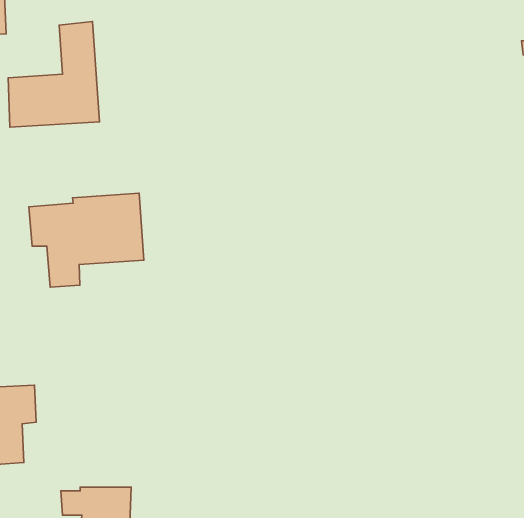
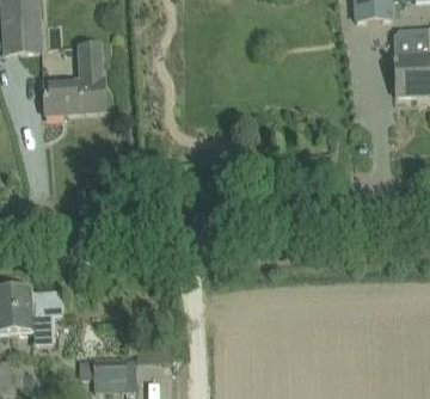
building: [29,193,144,287] -> none

